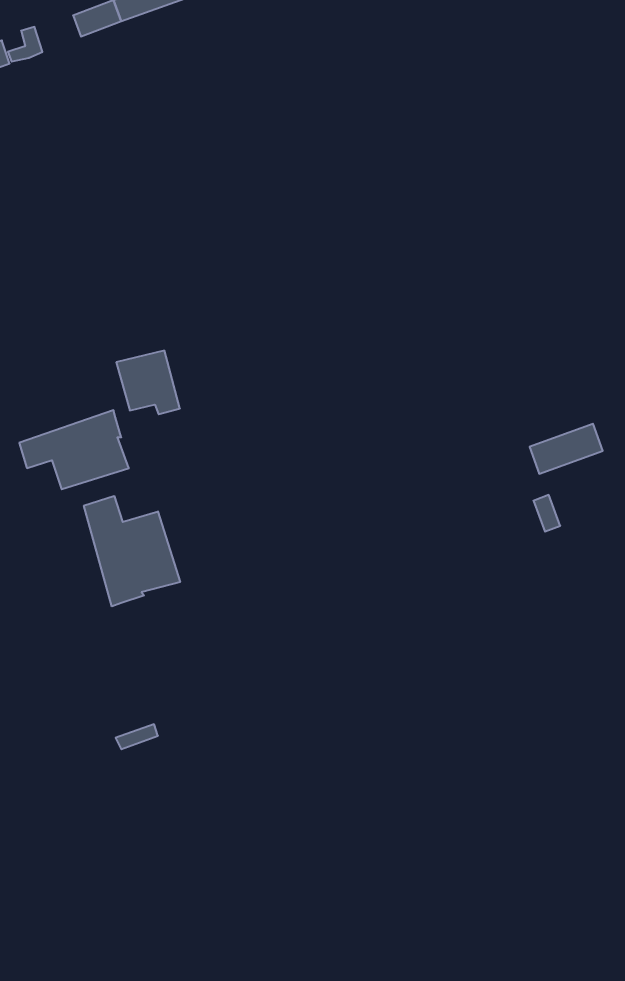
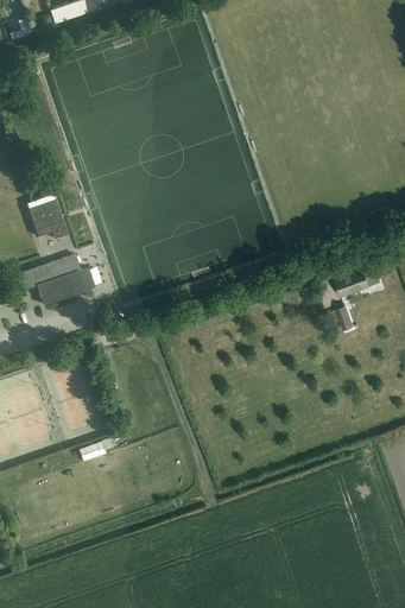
building: [116,351,180,414] -> [27,207,67,246]
building: [84,496,180,606] -> none

